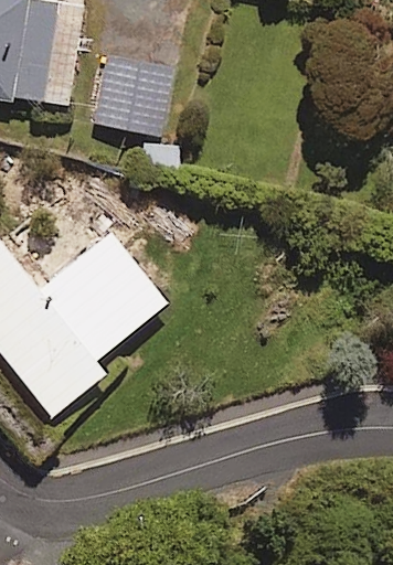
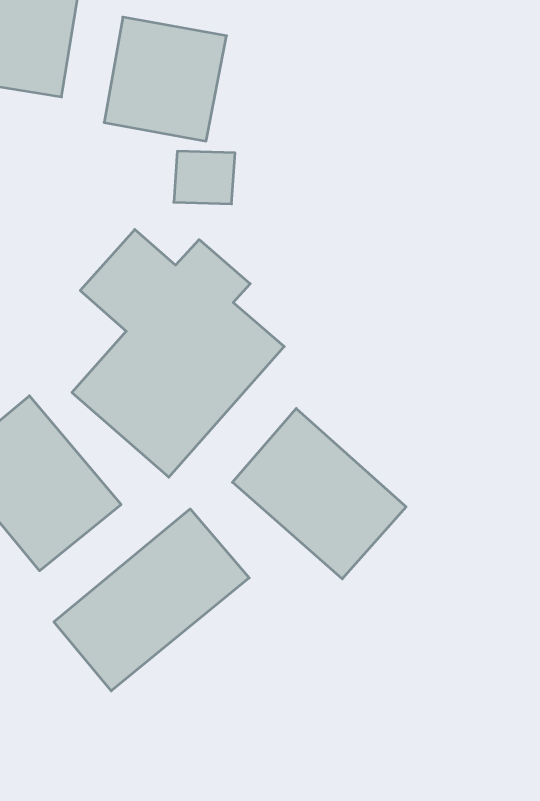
building: none -> [232,408,406,579]
building: none -> [54,509,249,691]

